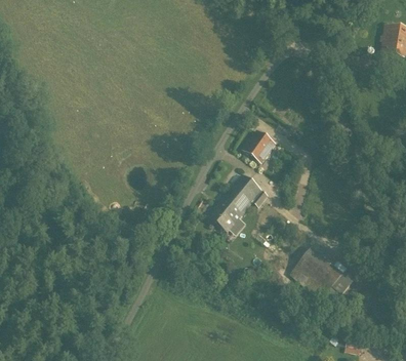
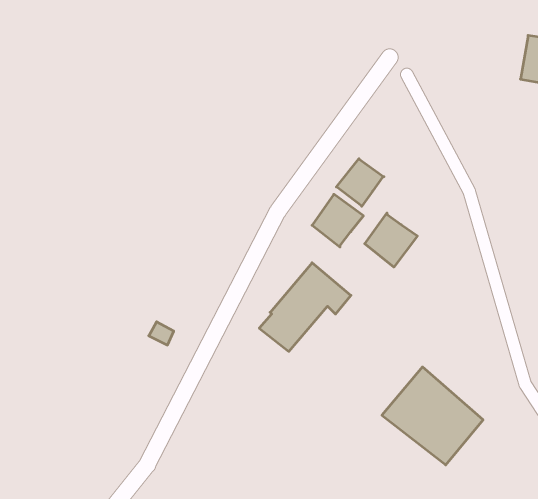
building: none -> [336,159,384,206]
building: none -> [365,213,417,267]

